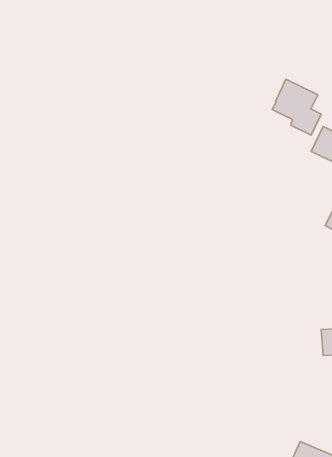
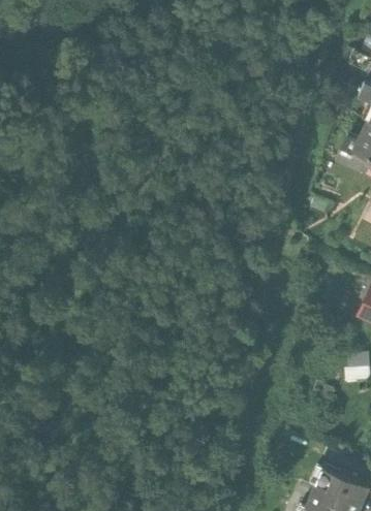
building: [272,79,321,135] -> none

